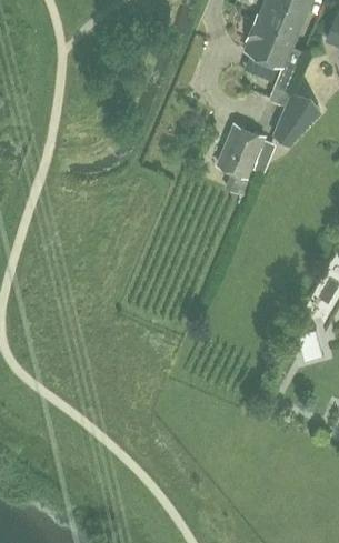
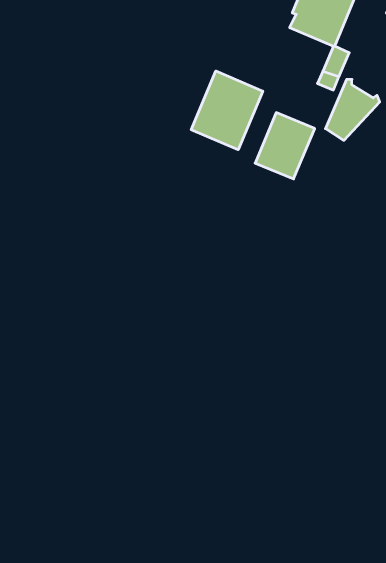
building: none -> [191,71,263,150]

